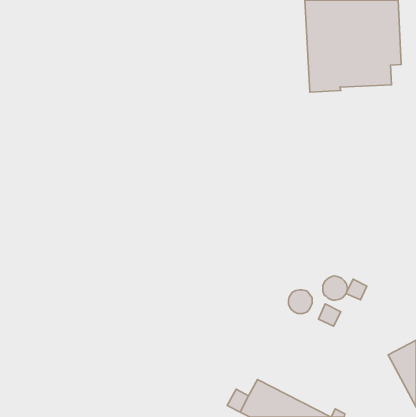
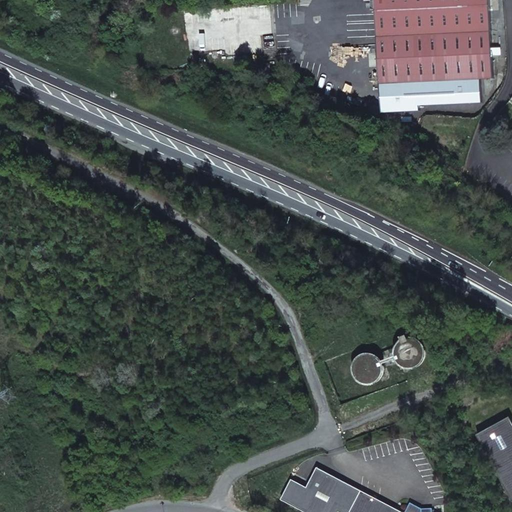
building: [346,279,367,300] -> none
building: [319,304,341,326] -> none

